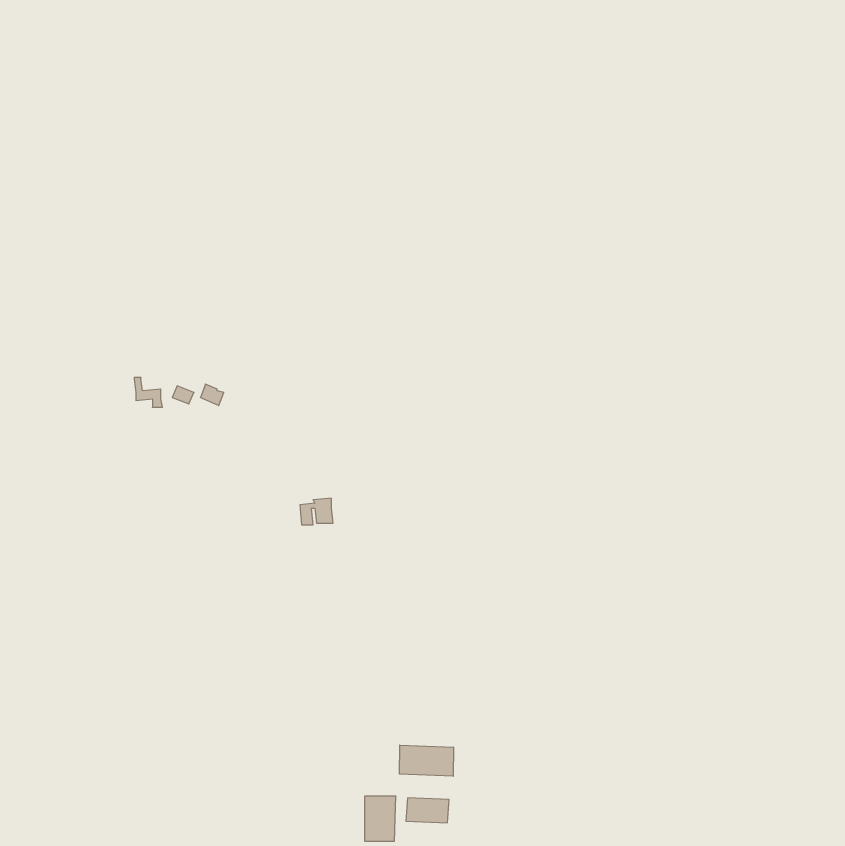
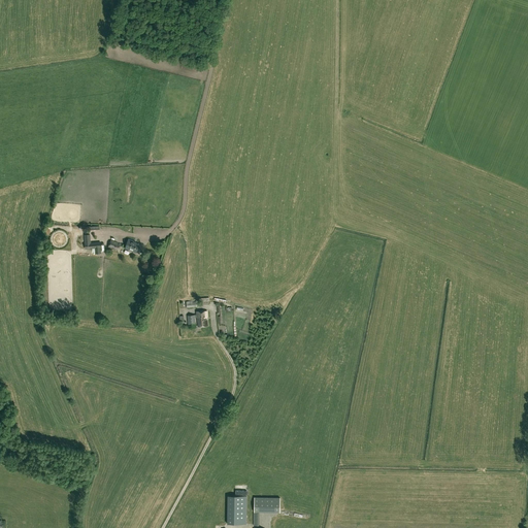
building: [400,745,453,776] -> none

